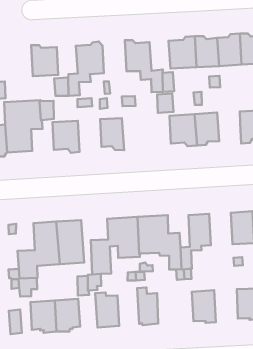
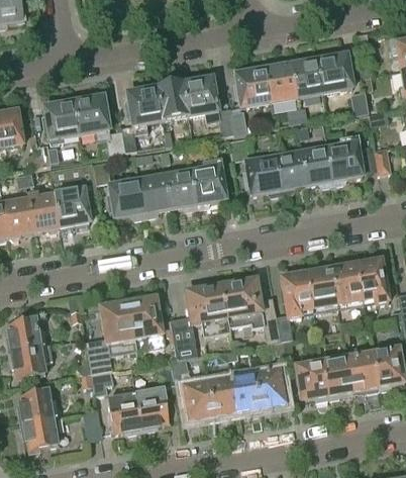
building: none -> [159,78,190,119]
building: none -> [44,96,81,138]
building: none -> [302,147,334,185]
building: none -> [191,165,227,207]
building: none -> [139,174,171,215]
building: none -> [306,267,337,307]
building: none -> [256,362,286,406]
building: none -> [209,368,238,414]
building: none -> [322,356,353,397]

